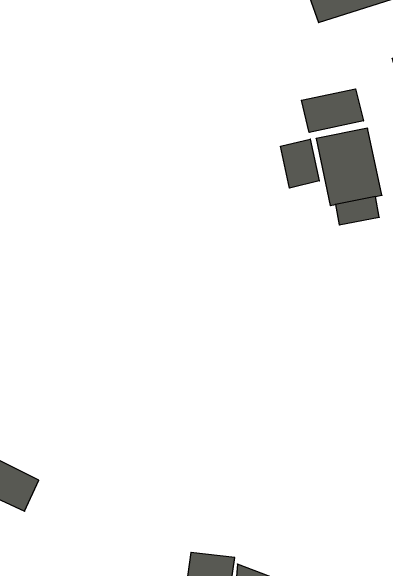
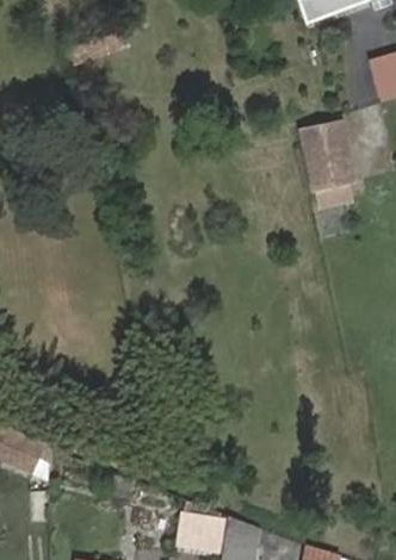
building: [301,89,363,132] -> none
building: [281,139,319,188] -> none

